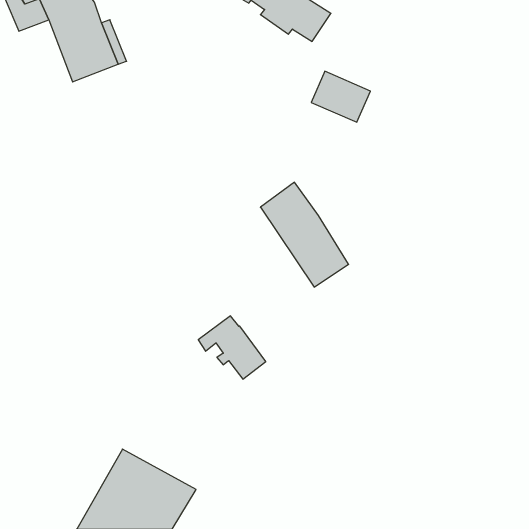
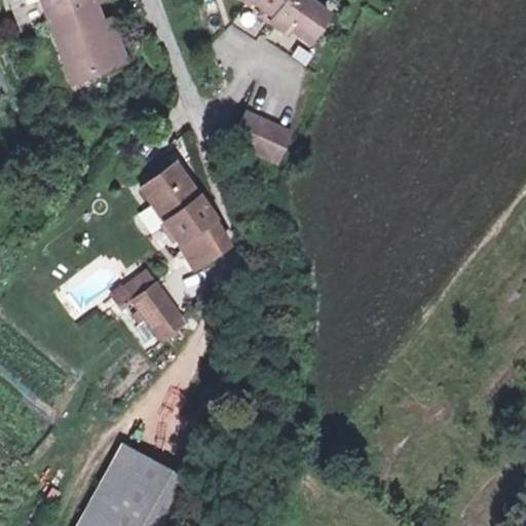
building: [311,71,370,122] -> [232,112,291,162]
building: [260,182,349,287] -> [141,163,228,267]
building: [198,316,266,379] -> [114,271,181,334]

